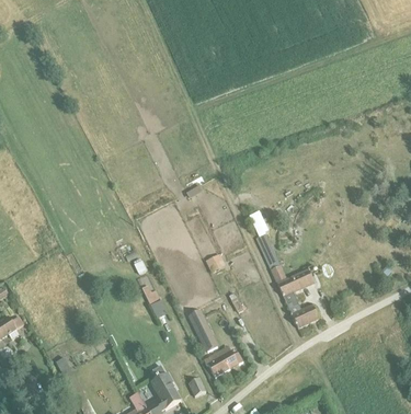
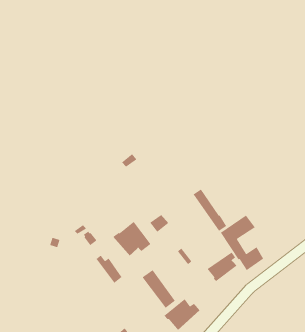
building: none -> [112,221,151,256]
building: none -> [207,251,238,282]

